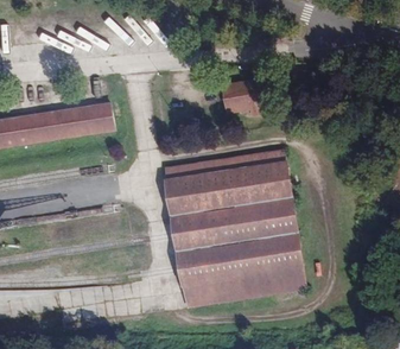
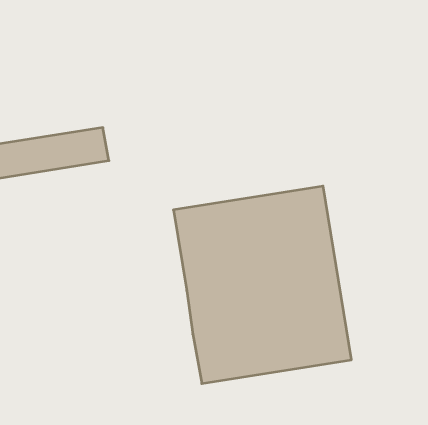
building: [220,78,266,114] -> none

